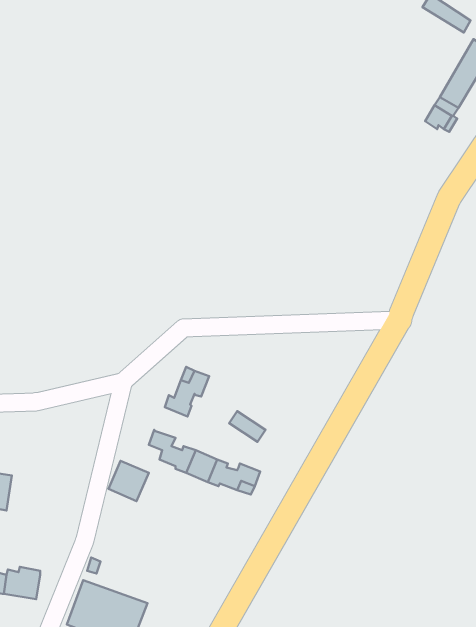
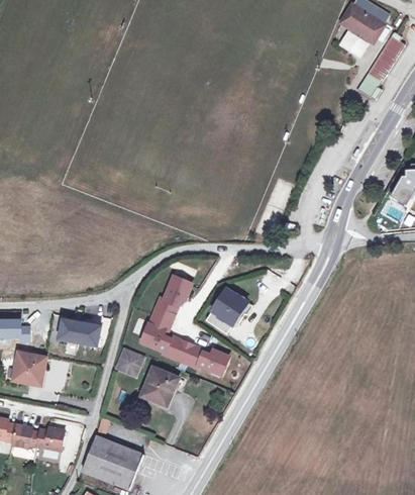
building: none -> [340,6,383,42]
building: none -> [212,289,246,324]
building: none -> [150,307,175,339]
building: none -> [60,318,103,348]
building: none -> [142,367,181,405]

